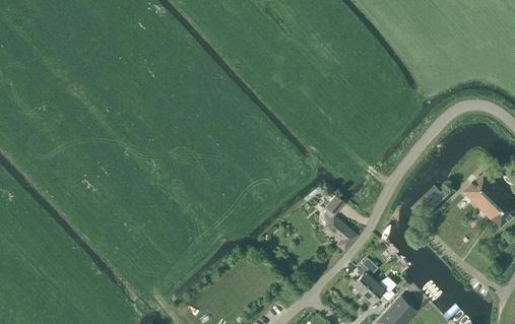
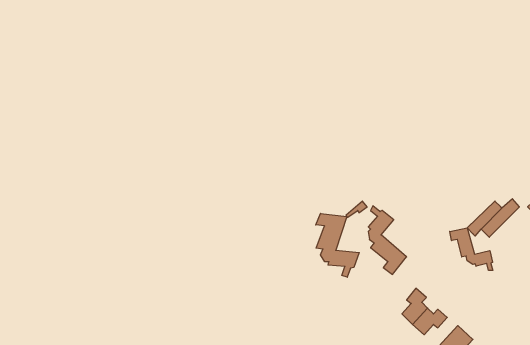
building: none -> [316,213,359,277]
building: none -> [450,228,493,270]

